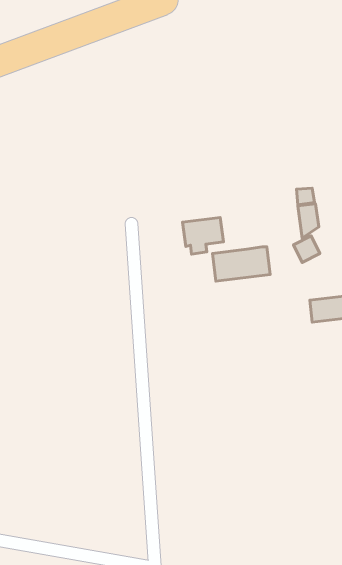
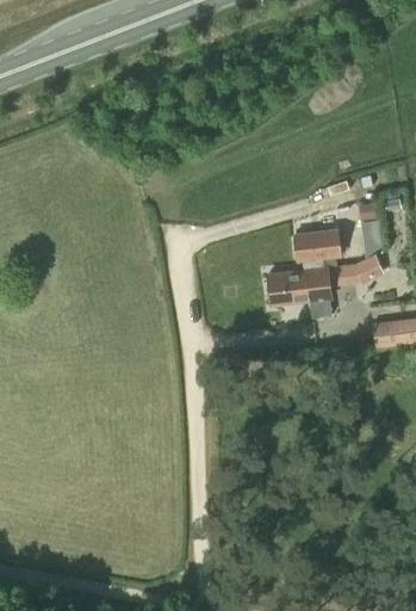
building: [183,218,224,254] -> [296,230,340,270]

